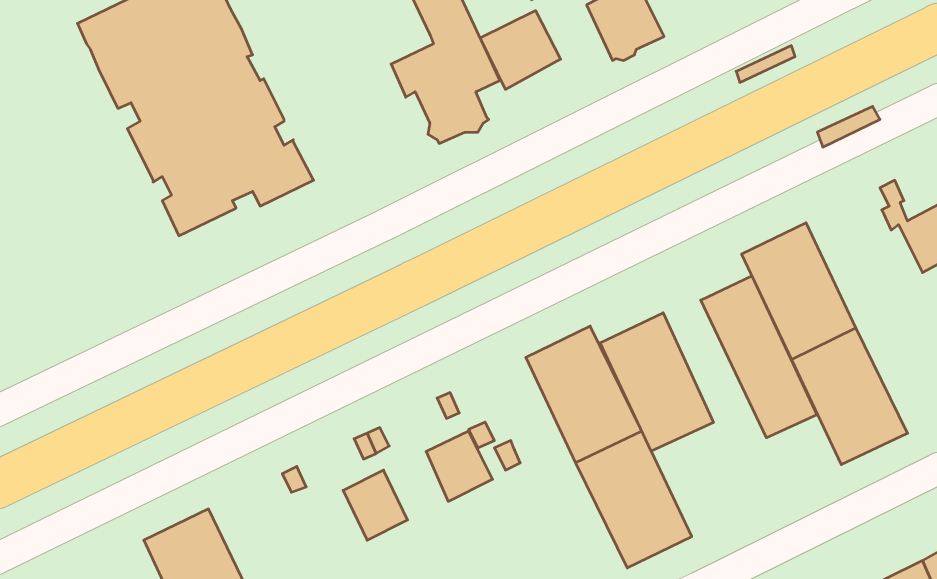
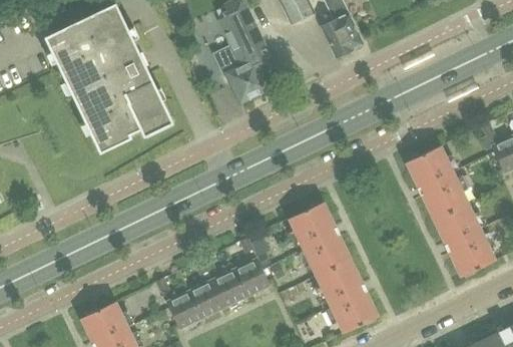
building: [480,11,561,89] -> none
building: [701,276,817,438] -> none
building: [600,313,713,451] -> none
building: none -> [211,270,246,307]
building: none -> [166,291,202,329]

